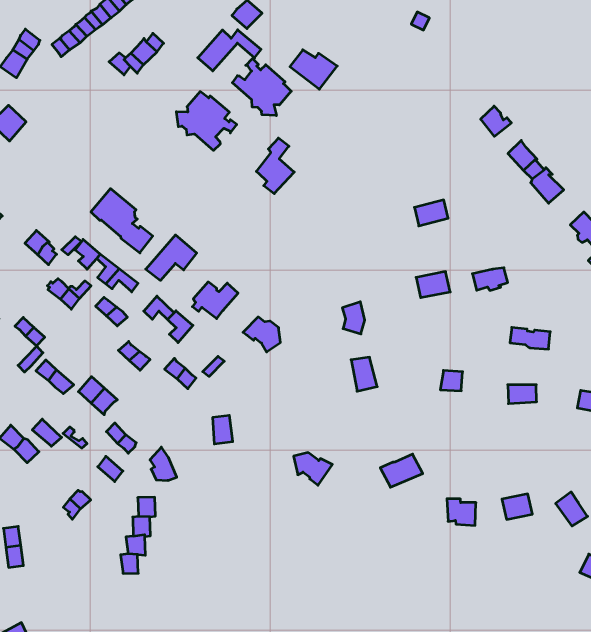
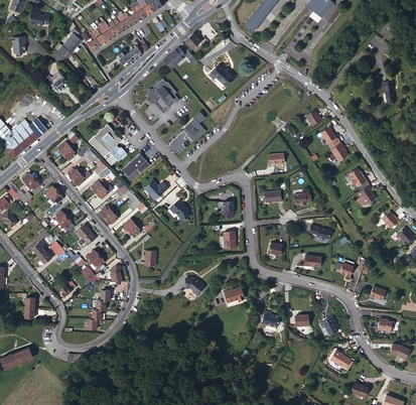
building: [232,59,291,116] -> none

